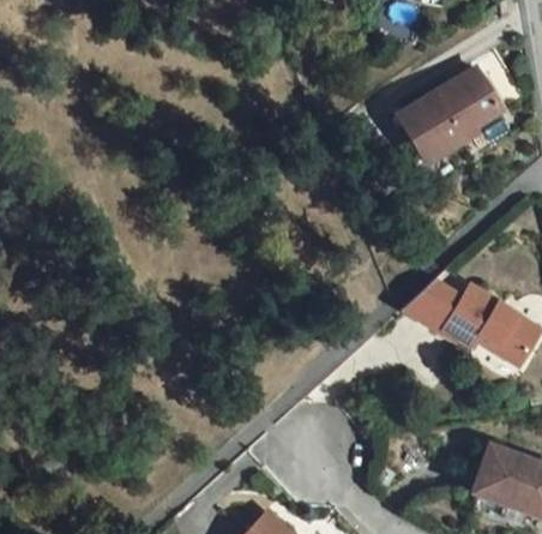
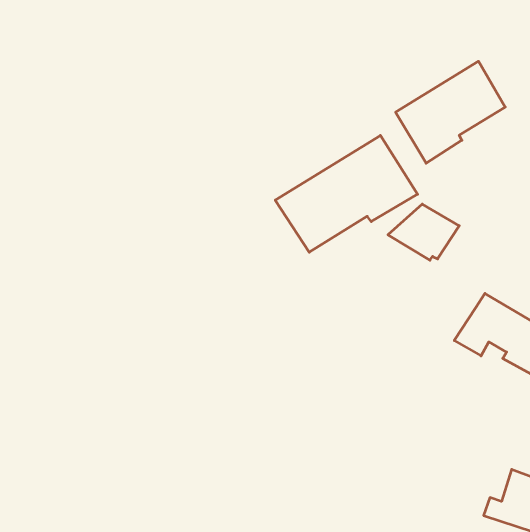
building: none -> [275,135,418,252]
building: [402,280,469,332] -> [388,204,459,260]

